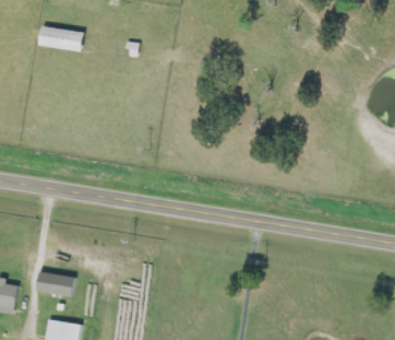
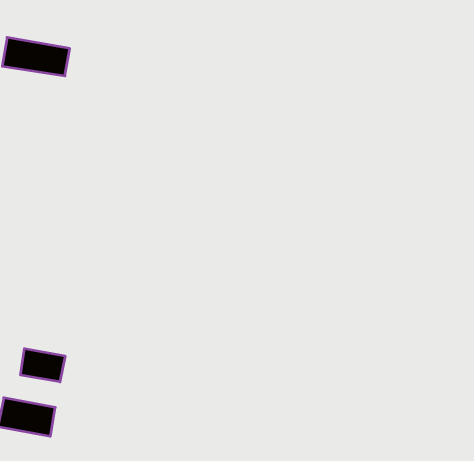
building: none -> [21,349,65,382]

